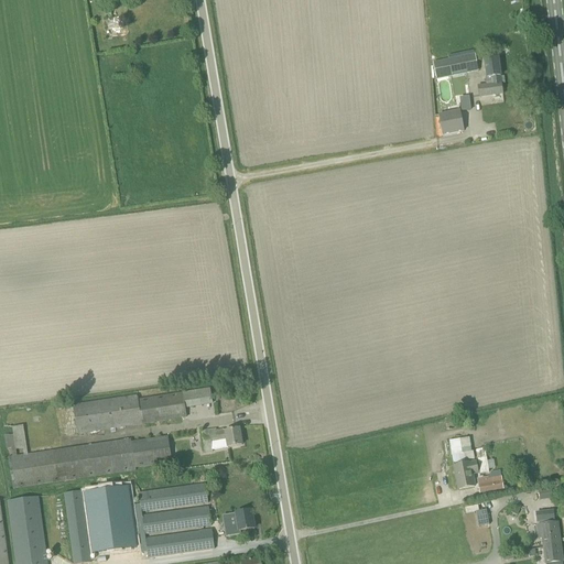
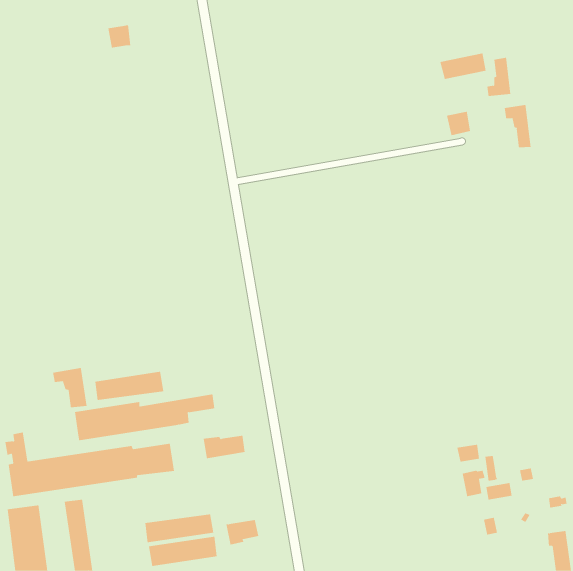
building: none -> [504,104,531,148]
building: none -> [53,367,87,408]
building: [85,481,138,550] -> none
building: [139,481,207,510] -> [95,371,164,400]

